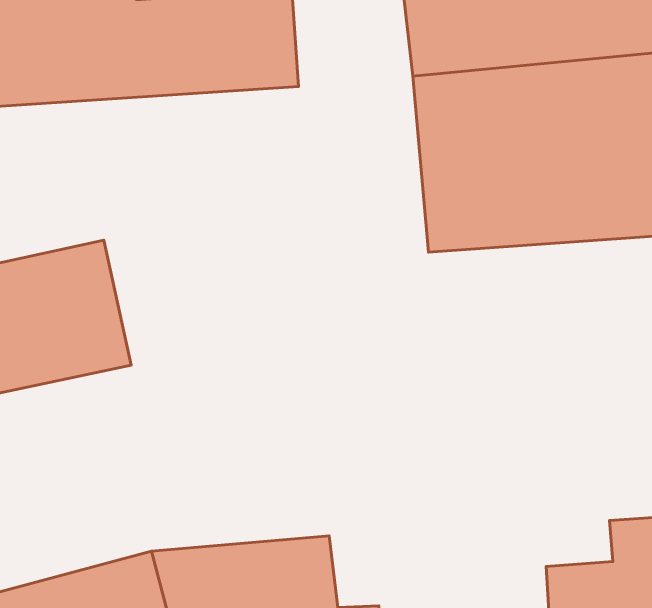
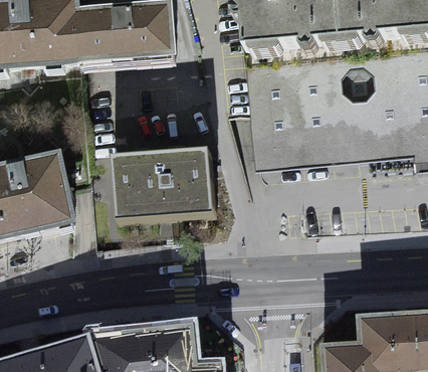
building: none -> [108,146,217,220]

